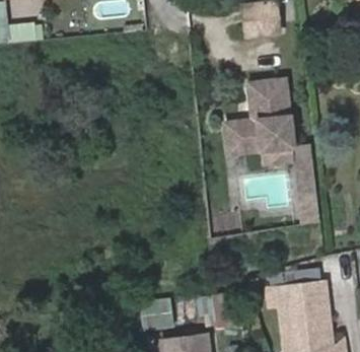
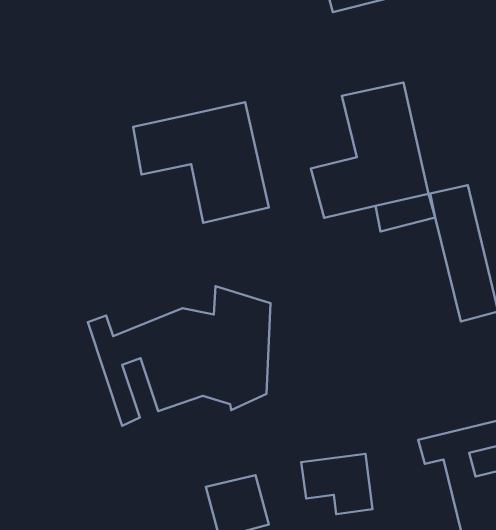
building: none -> [133,102,269,223]
building: none -> [88,286,270,426]

